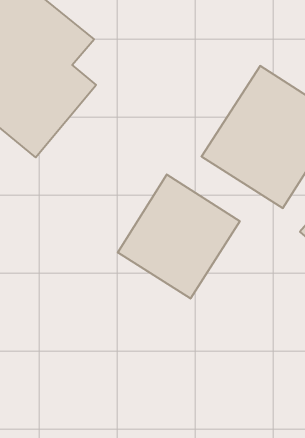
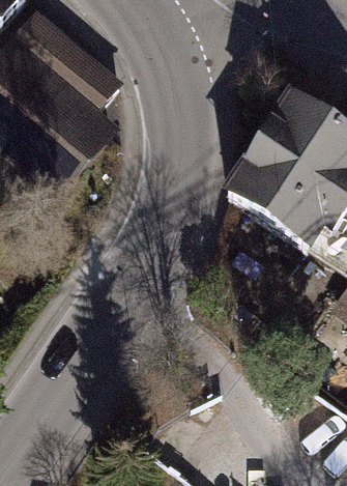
building: [118,174,240,299] -> none

